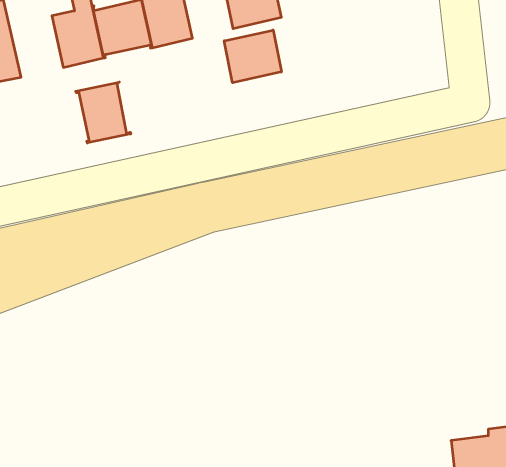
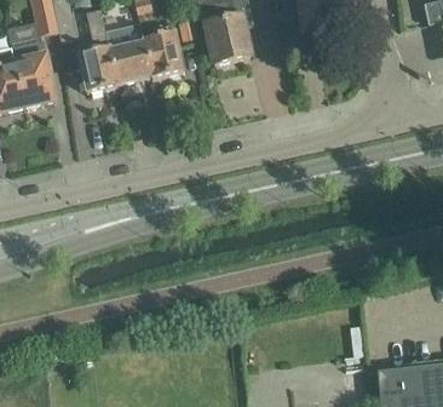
building: [224,30,281,83] -> none
building: [76,82,131,143] -> none

